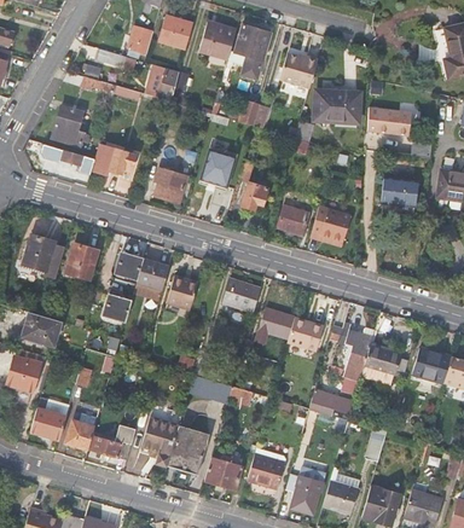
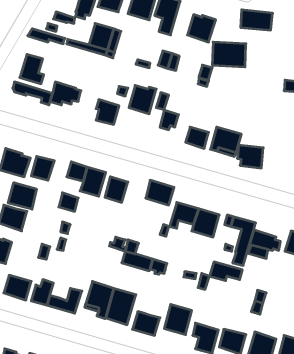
building: [367,108,411,135] -> [241,10,273,30]
building: [382,176,417,208] -> [237,145,263,168]
building: none -> [8,183,36,209]

